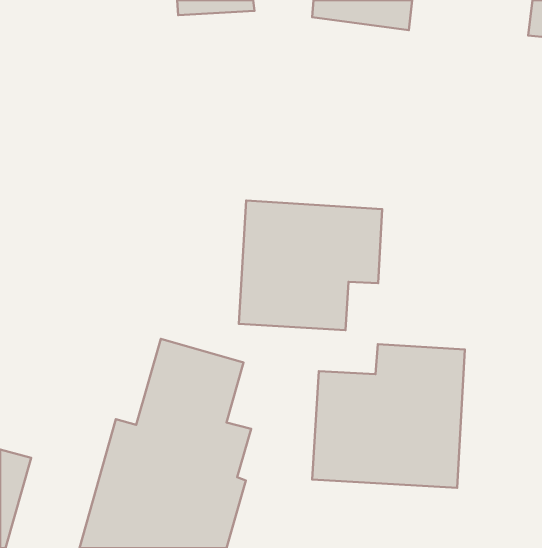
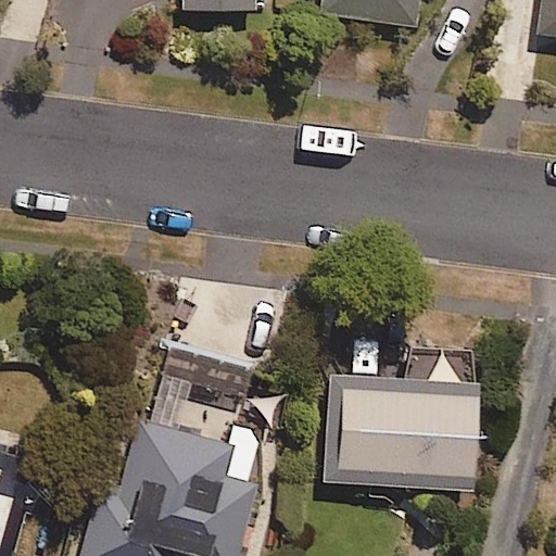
building: [239,201,382,330] -> none

